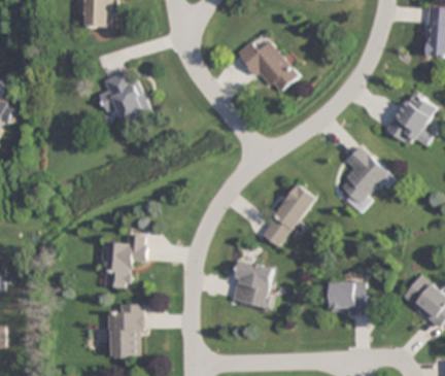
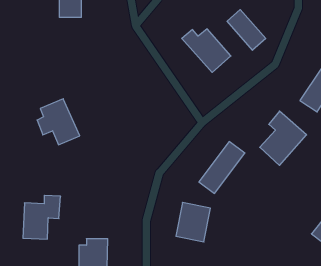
building: none -> [227,10,266,50]
building: [98,68,151,126] -> [37,99,80,145]
building: [101,234,148,288] -> [23,195,61,239]
building: [329,281,372,315] -> none

